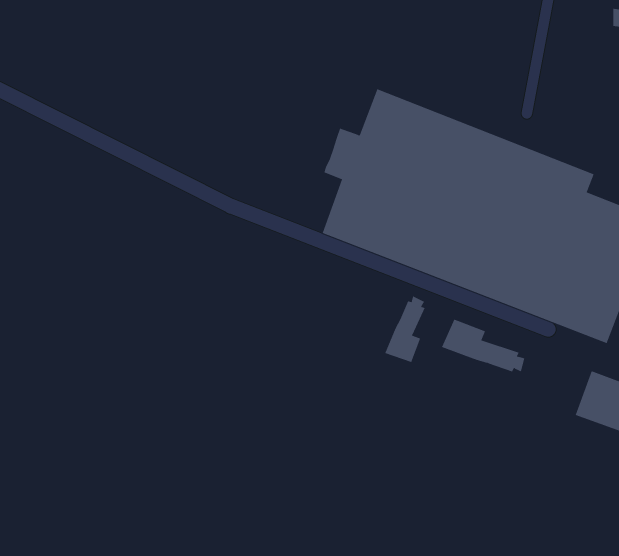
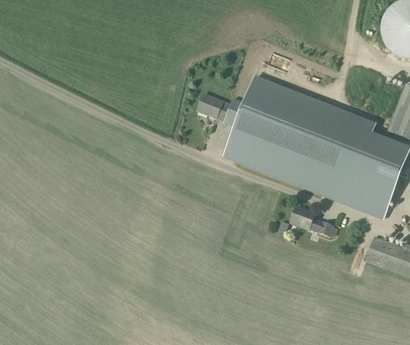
building: none -> [196,92,227,117]
building: [385,295,425,363] -> none

